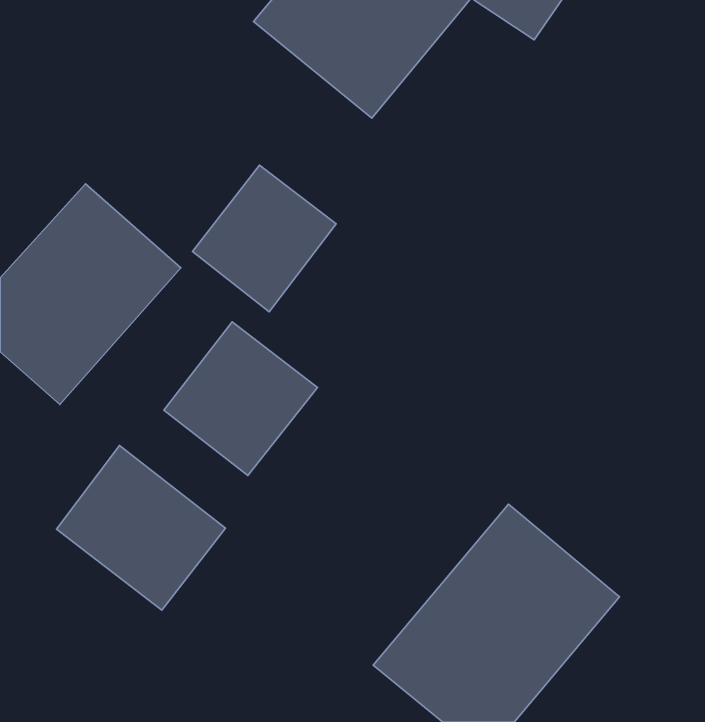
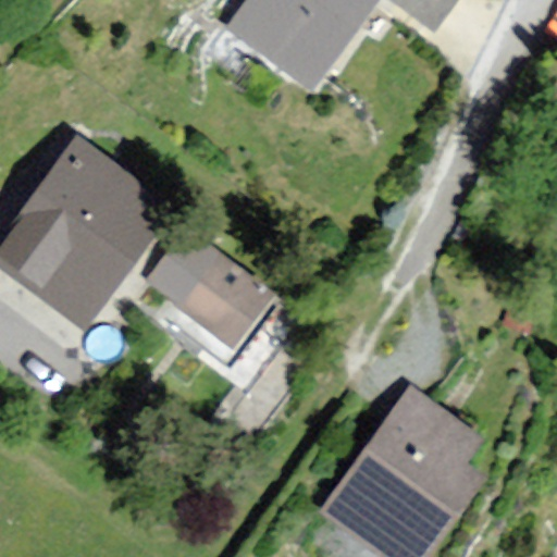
building: [192,165,336,312] -> none
building: [57,445,226,610] -> none

